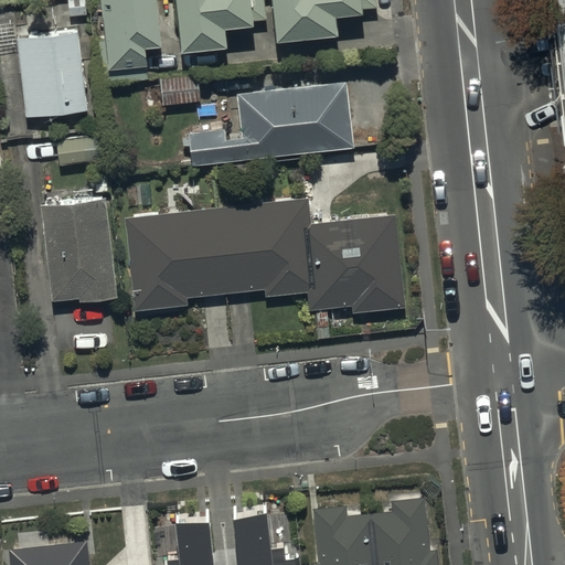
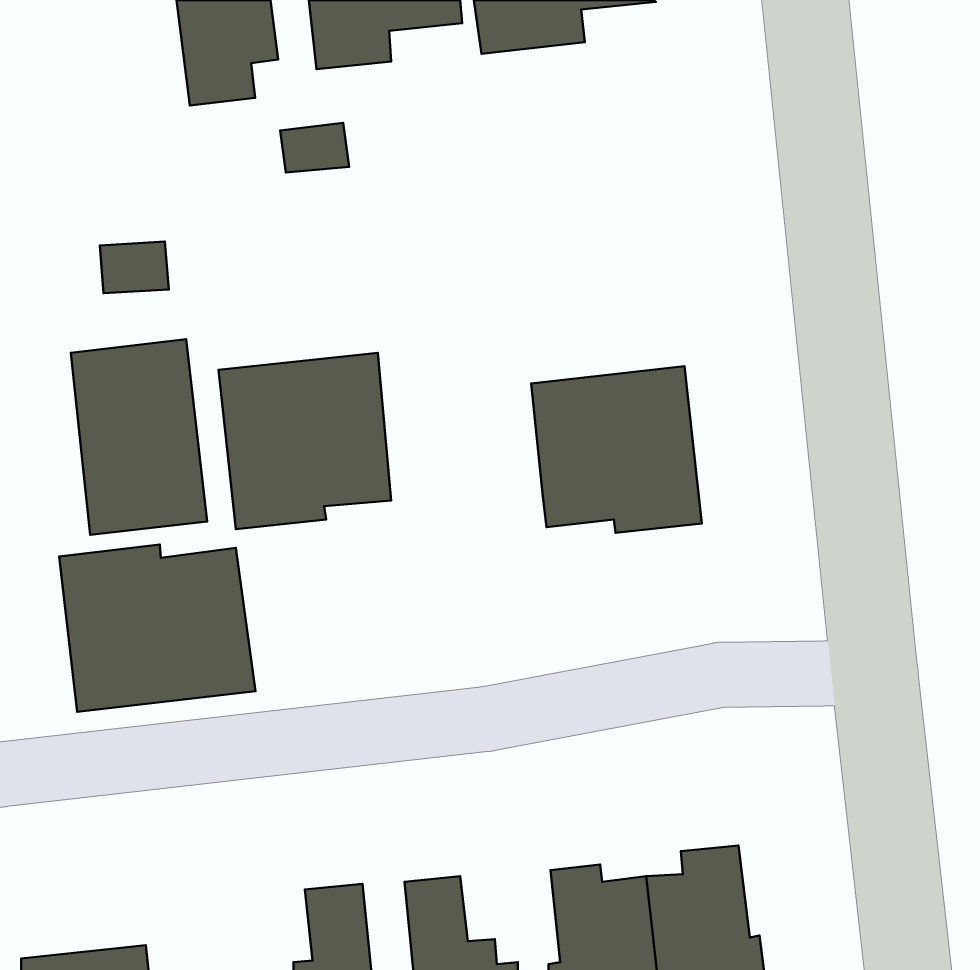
building: [17,40,86,127] -> none
building: [190,82,353,164] -> none
building: [217,200,312,296] -> none
building: none -> [59,545,255,712]

